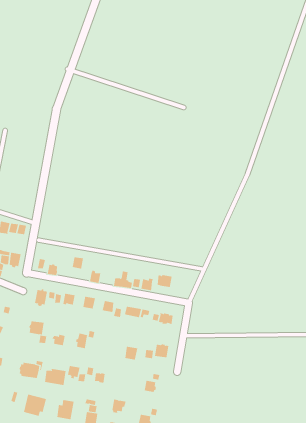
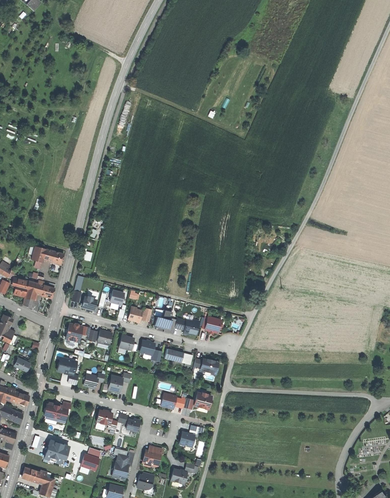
building: [45,368,66,386] -> none

